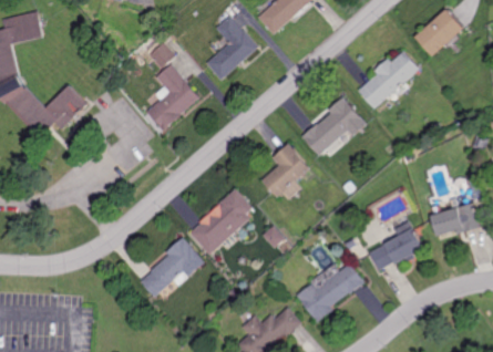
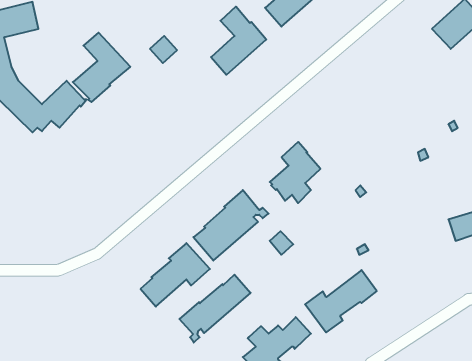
building: [358,51,419,108] -> none
building: [145,65,199,131] -> [73,33,130,102]
building: [301,97,366,155] -> none
building: [368,221,423,270] -> none
building: none -> [179,275,251,343]

